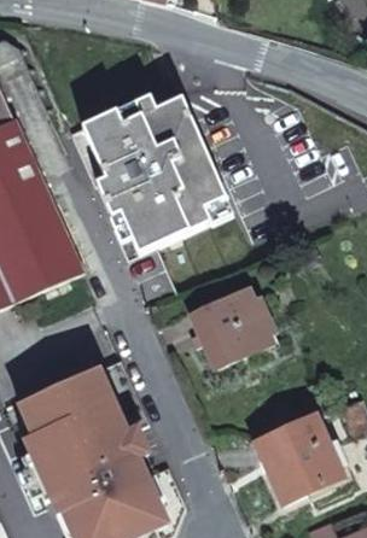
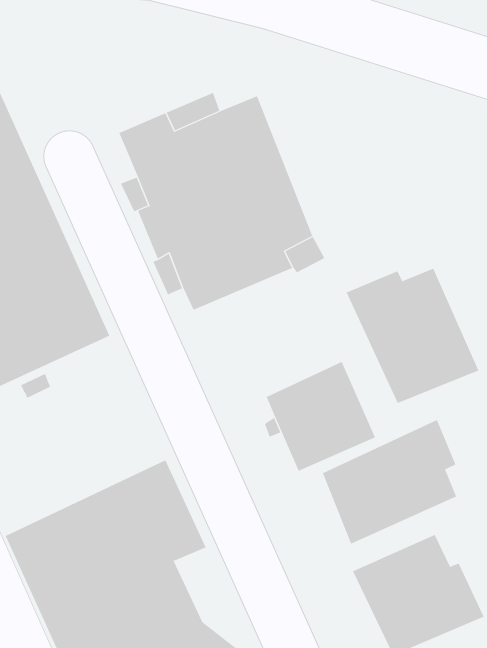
building: none -> [346,268,479,404]
building: none -> [322,419,457,544]

